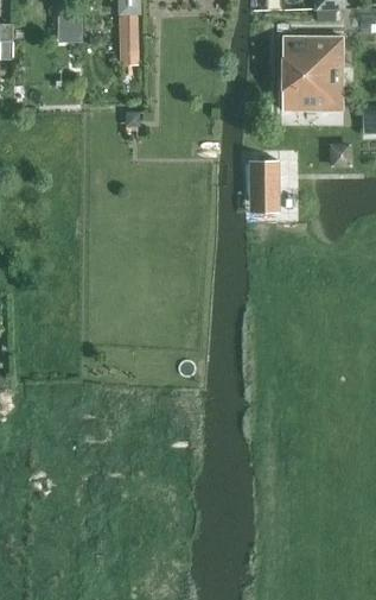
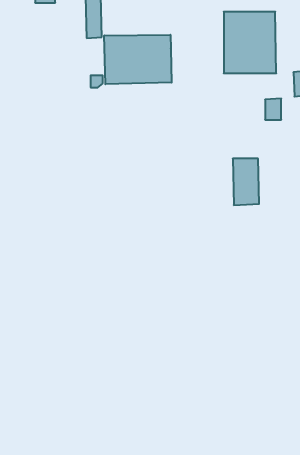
building: none -> [104,35,172,84]
building: [249,160,280,215] -> [233,159,259,205]

